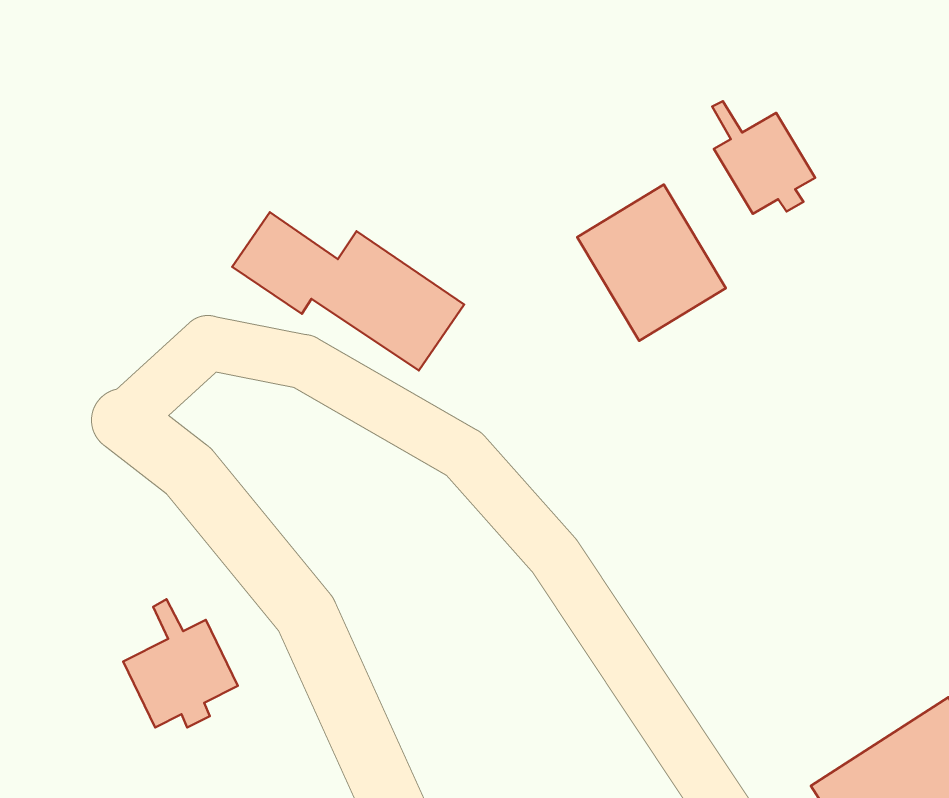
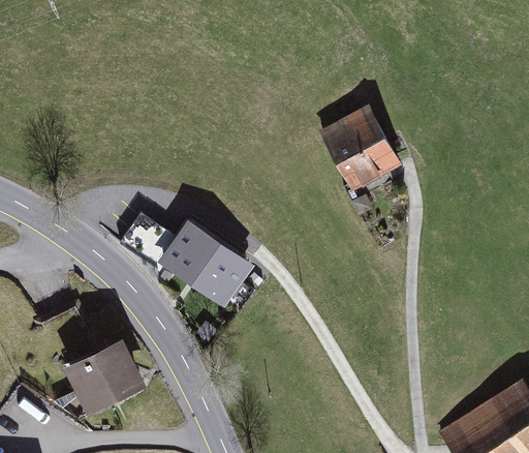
building: [712,101,815,214] -> none
building: [232,212,464,371] -> [121,214,248,301]

